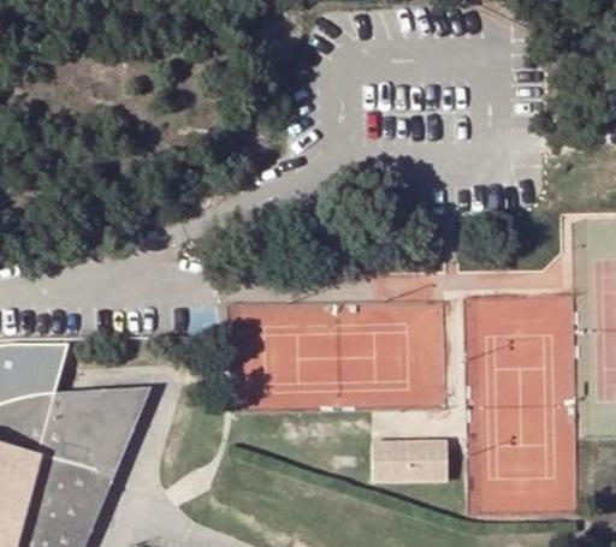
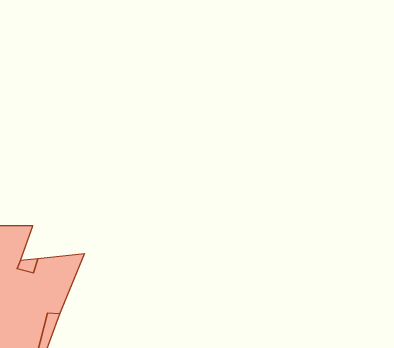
building: [373,441,448,480] -> none

